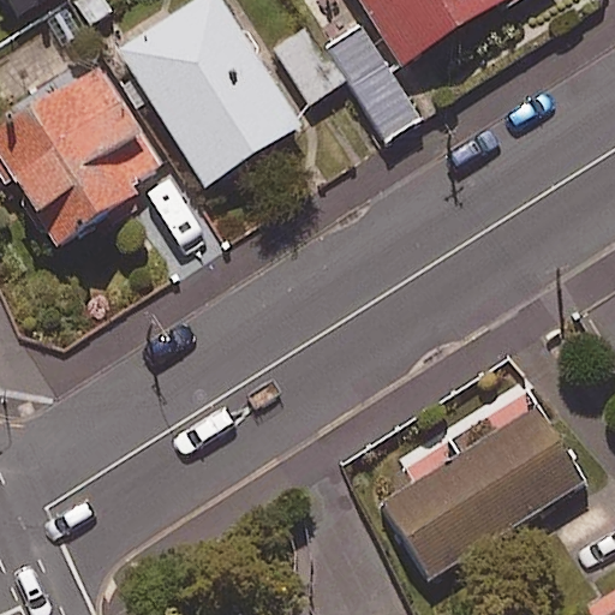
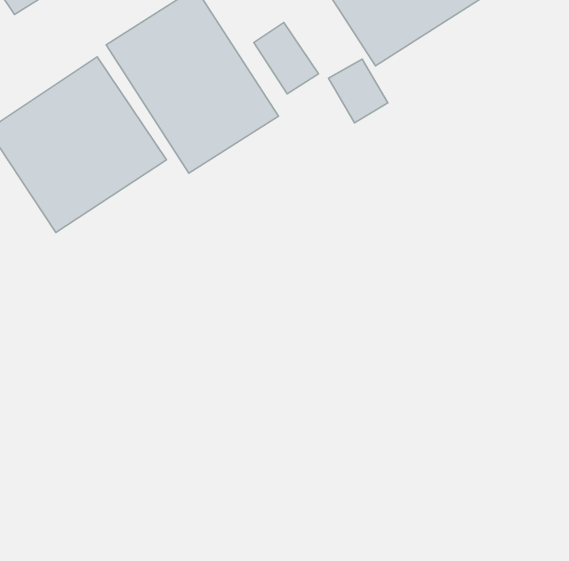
building: [369,380,583,571] -> none

